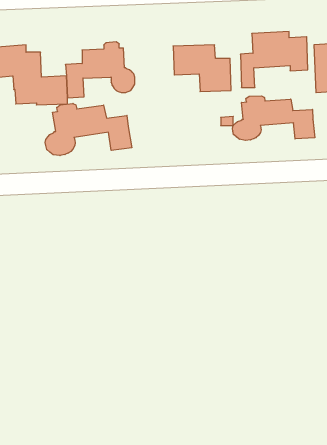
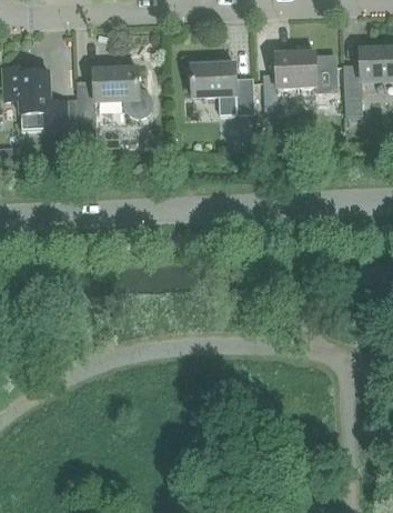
building: [232,96,315,140] -> none
building: [45,103,132,156] -> none

